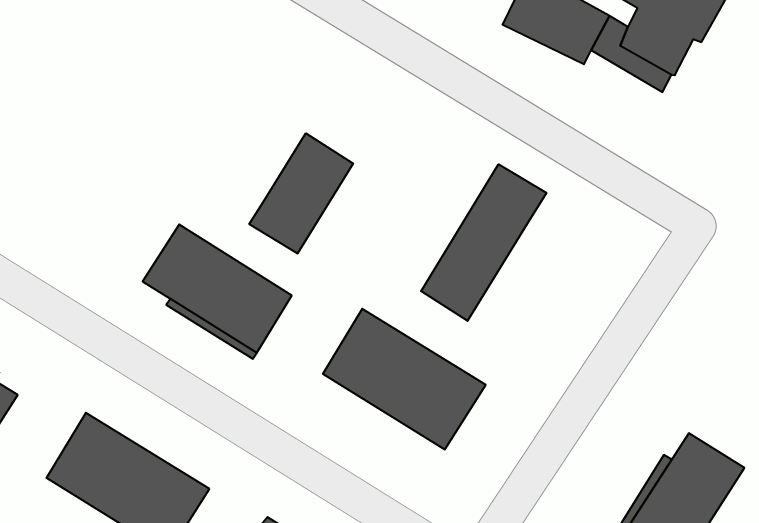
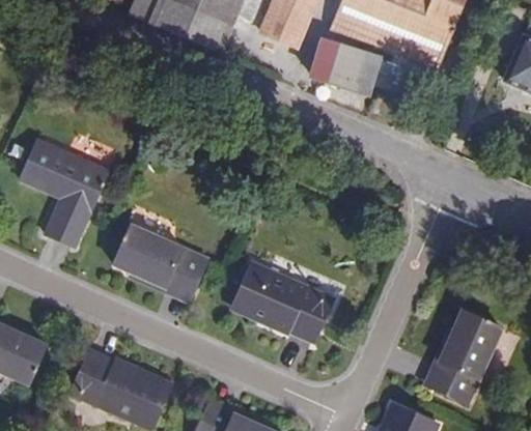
building: none -> [19,140,108,248]
building: [249,133,353,254] -> none
building: [421,164,546,321] -> none

